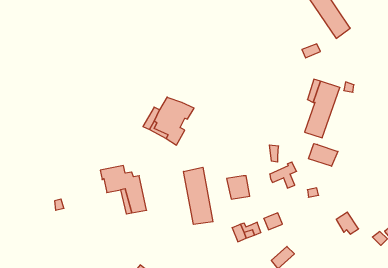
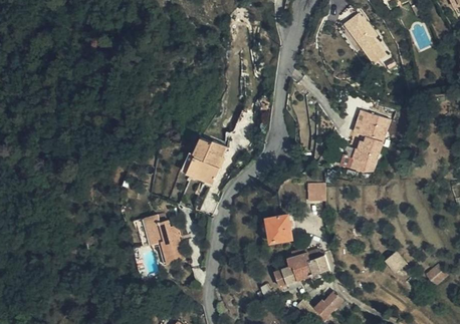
building: [309,144,338,166] -> none
building: [270,162,297,188] -> [281,251,310,279]
building: [184,167,213,224] -> none

